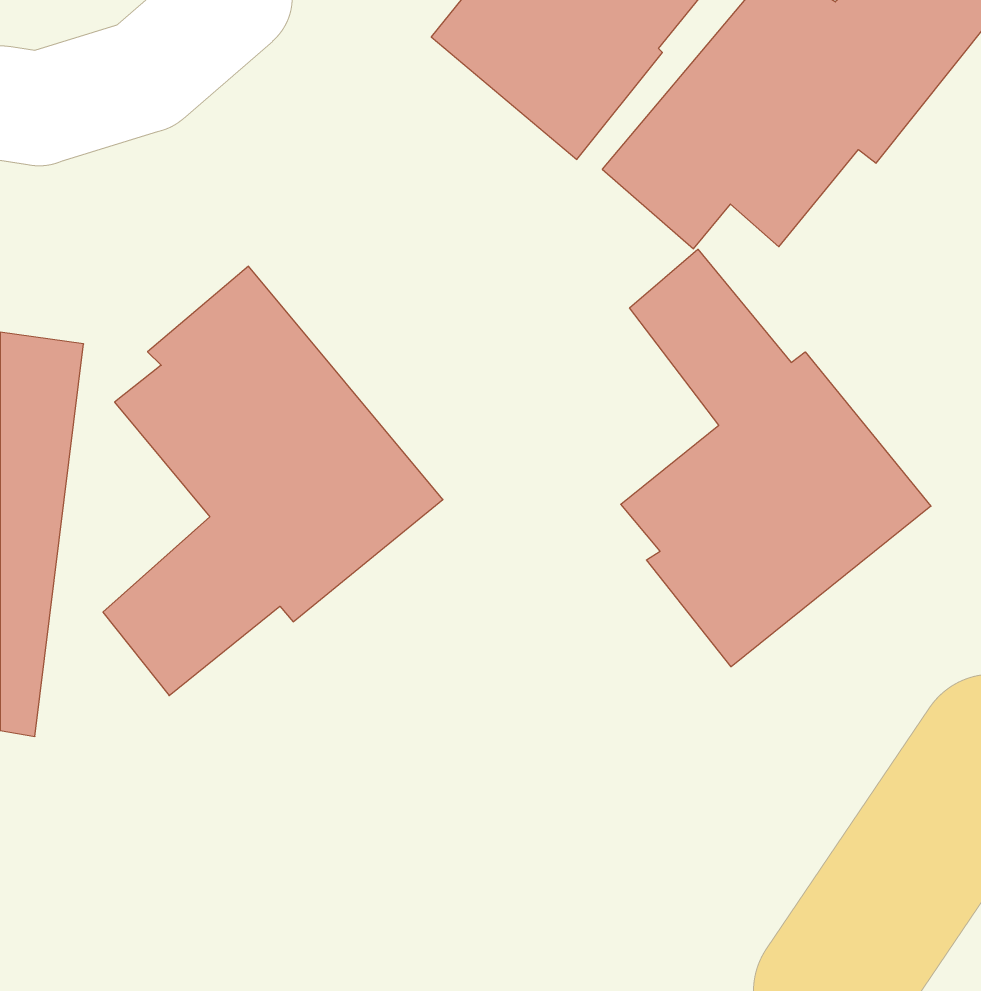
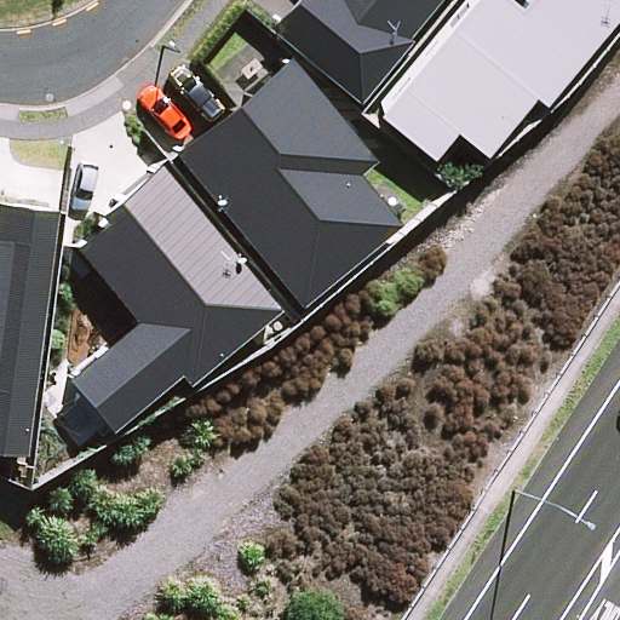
building: none -> [178,58,404,309]
building: [621,249,931,667] -> none

